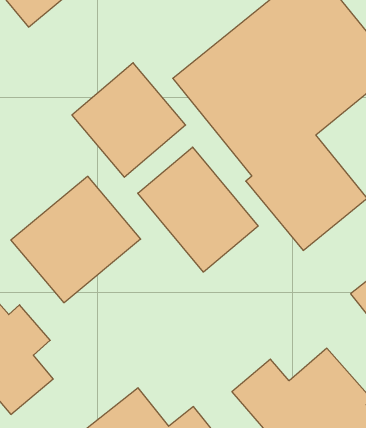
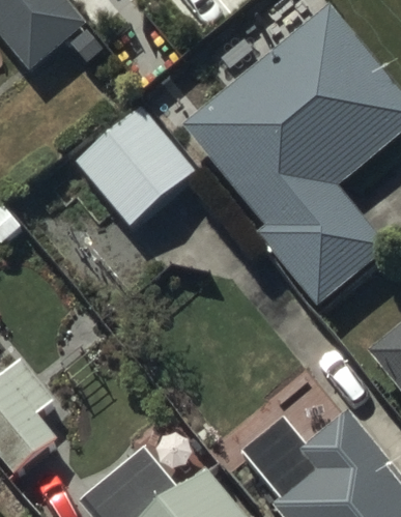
building: [138,147,258,272] -> none
building: [11,176,141,303] -> none

